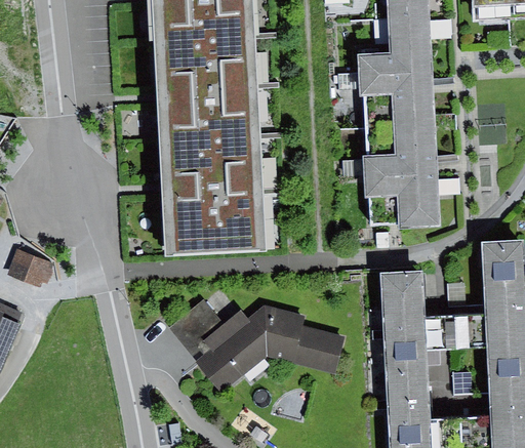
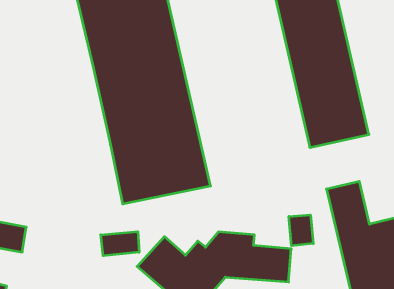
building: none -> [101,232,139,256]
building: none -> [289,215,313,246]

